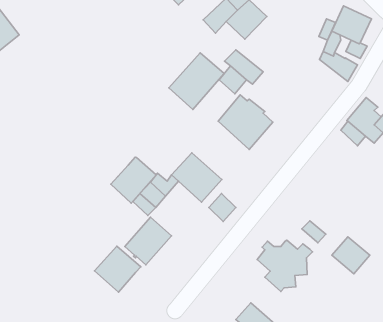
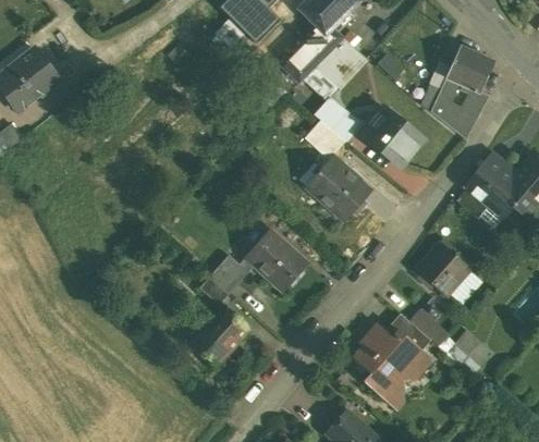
building: [169,53,224,109] -> none
building: none -> [360,108,422,167]
building: [111,157,156,203] -> none
building: none -> [415,243,469,296]
building: [209,193,236,221] -> none
building: none -> [383,312,427,346]
building: [94,246,141,292] -> none

